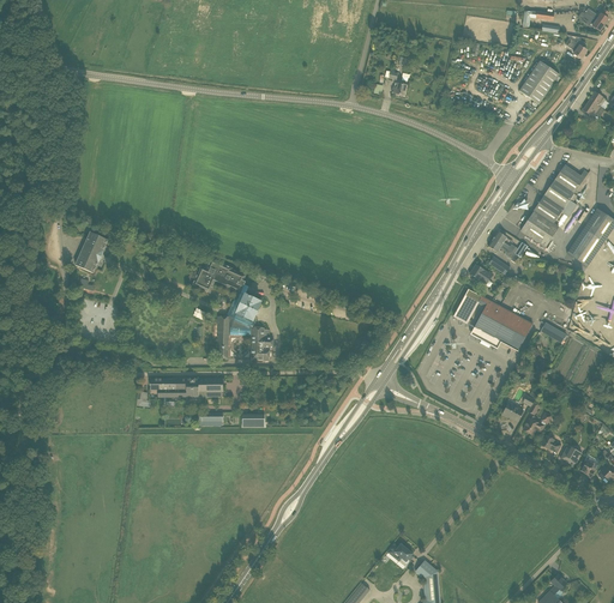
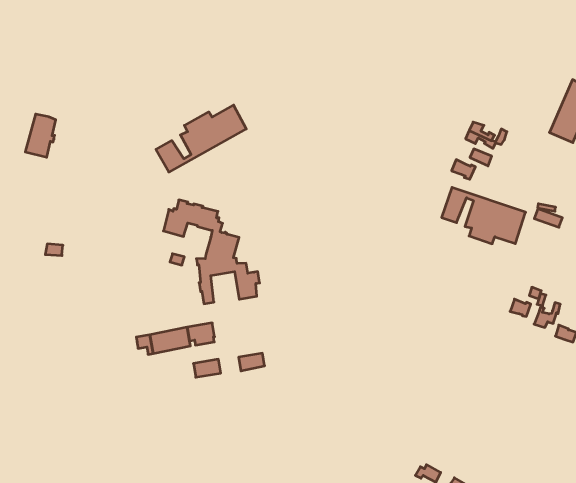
building: [520,164,589,247] -> none
building: none -> [156,105,246,172]
building: [74,230,108,272] -> [25,114,56,157]

